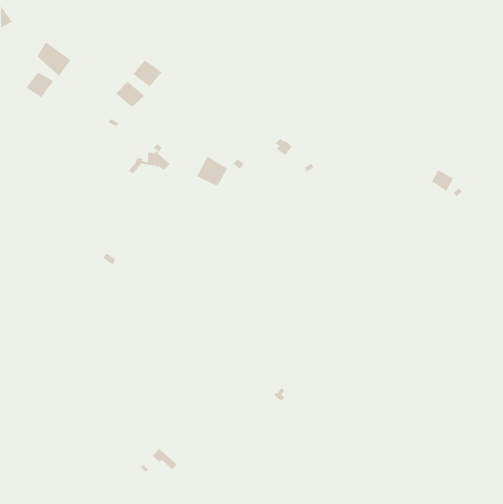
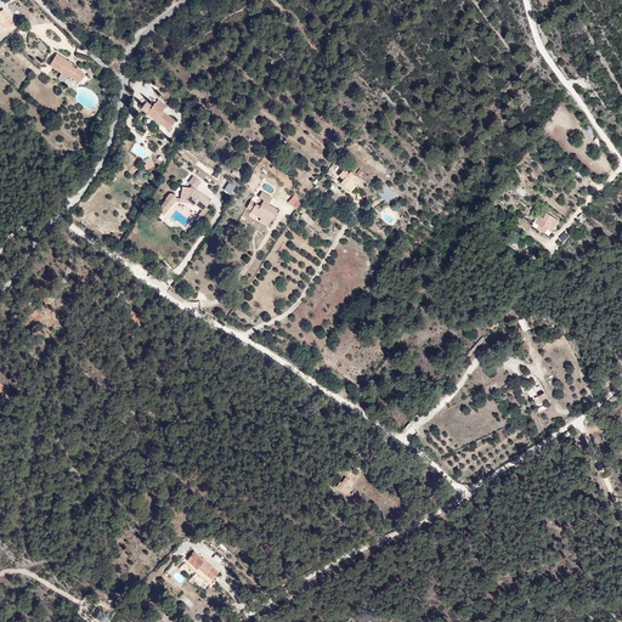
building: [132,60,163,87] -> none
building: [26,72,54,98] -> none

